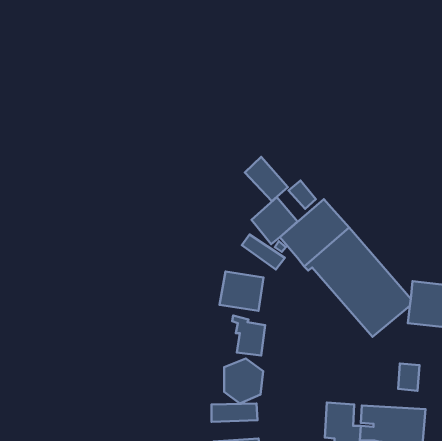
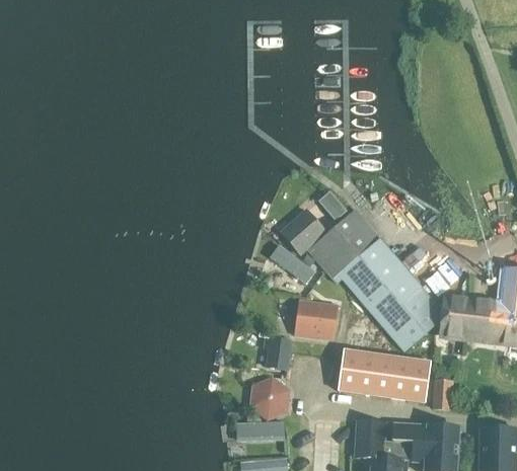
building: [245,157,288,201] -> none
building: [220,272,263,311] -> [293,298,339,338]
building: none -> [338,350,430,402]

